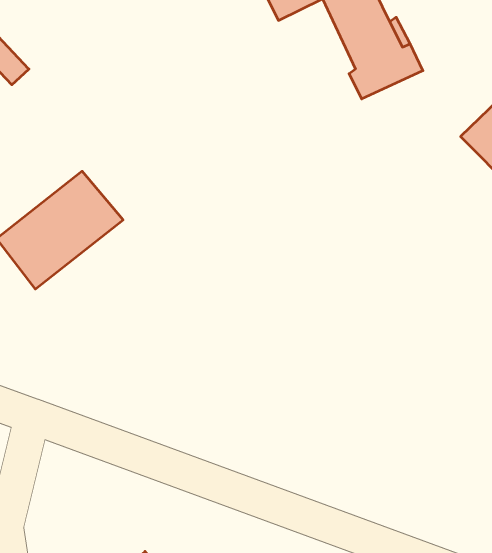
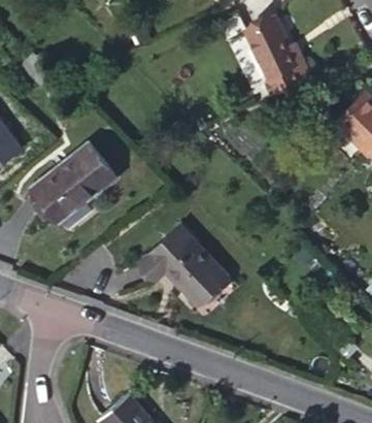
building: none -> [138,226,226,305]

